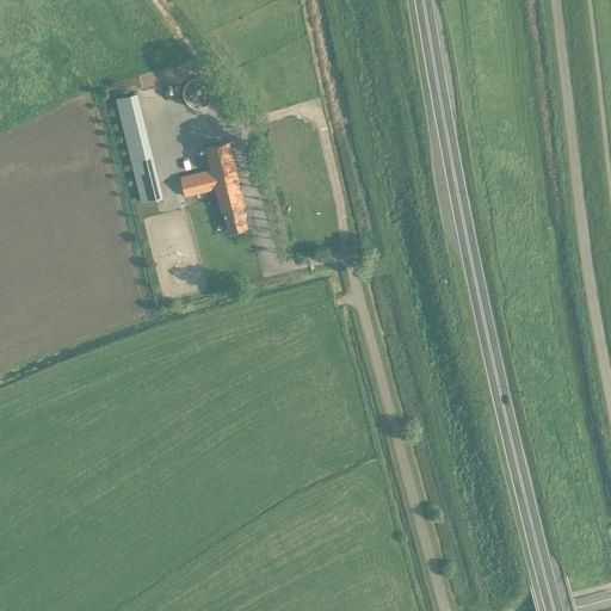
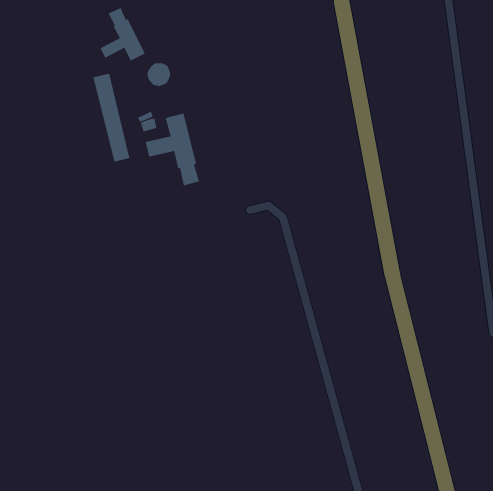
building: none -> [100,7,145,61]

